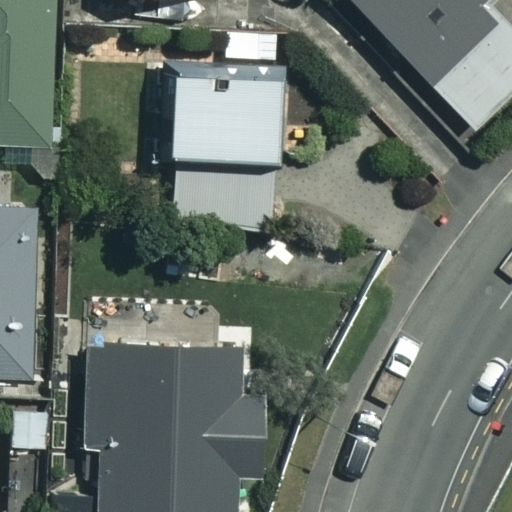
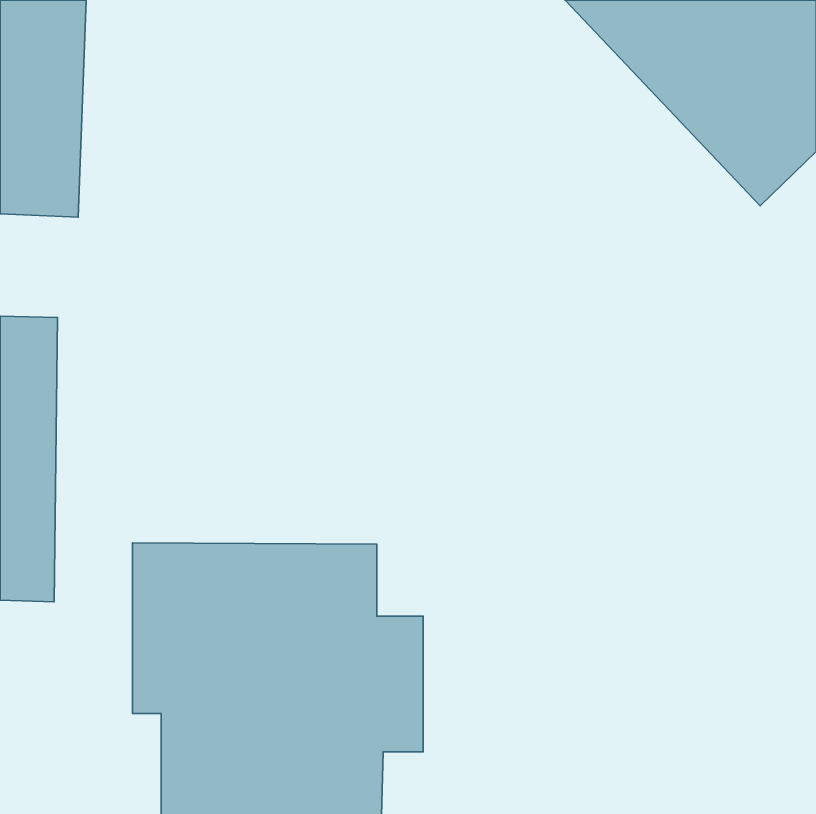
building: [173,74,276,229] -> none

